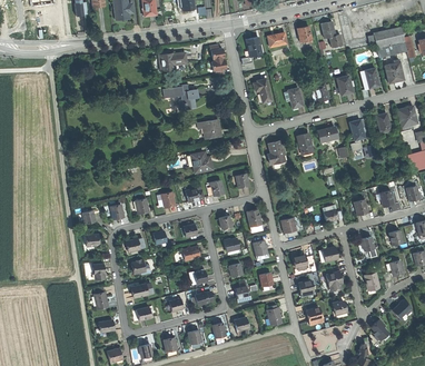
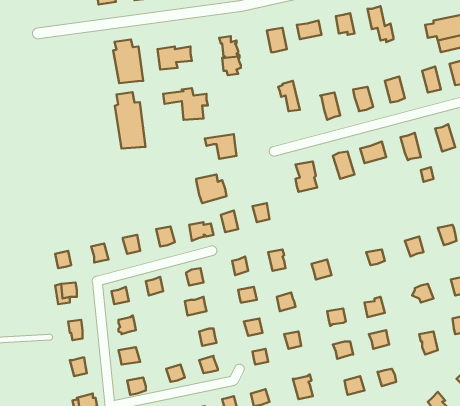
building: none -> [113,39,143,83]
building: none -> [115,92,146,148]

